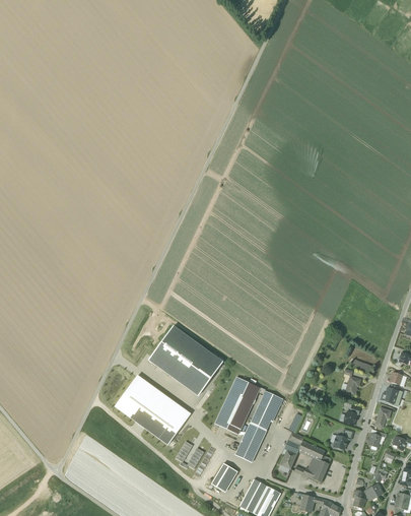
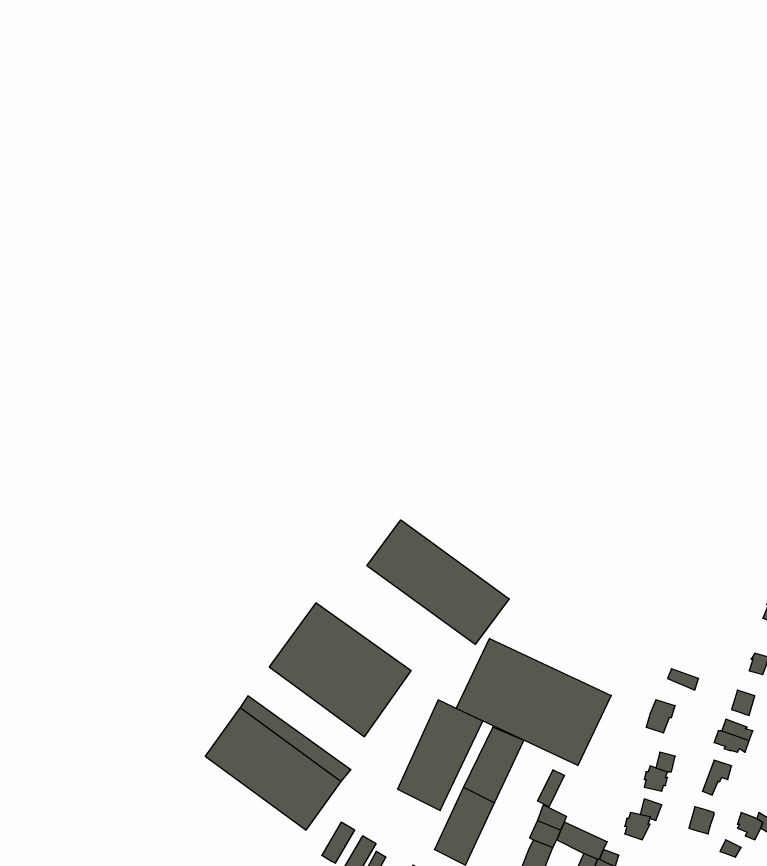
building: none -> [367,520,509,645]
building: none -> [456,638,611,766]

